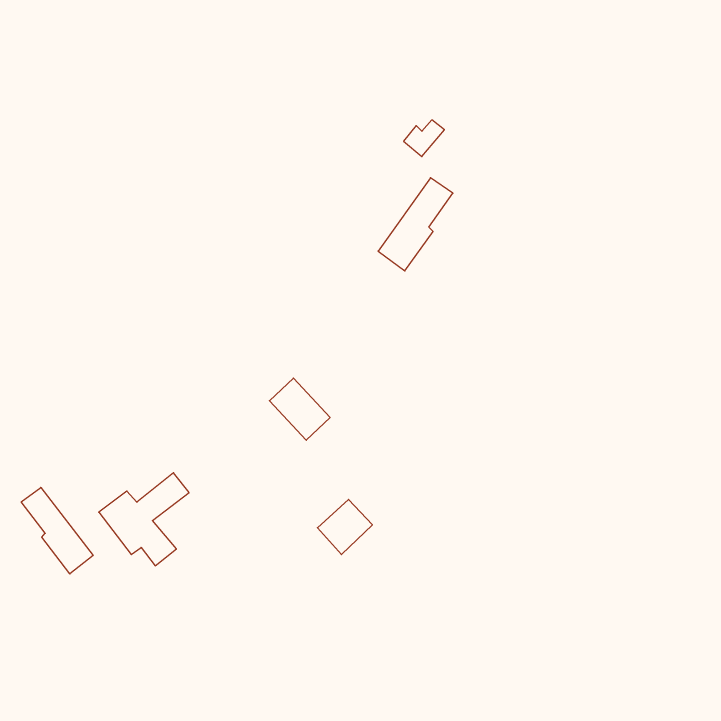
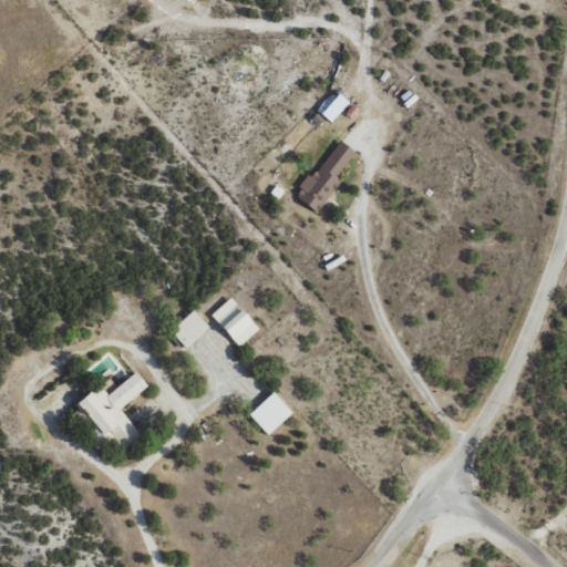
building: none -> [172,310,209,348]
building: [21,487,93,574] -> none

